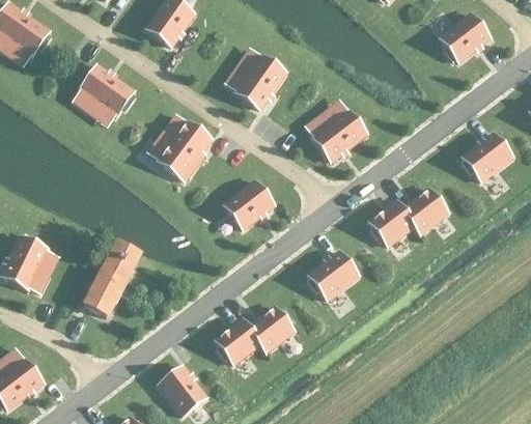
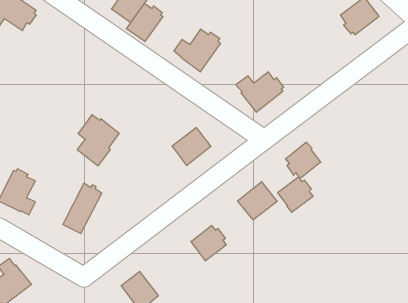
building: none -> [126,4,163,42]
building: [74,64,135,115] -> none
building: [158,115,212,180] -> [77,115,119,166]
building: [462,132,512,180] -> none
building: [402,188,448,233] -> [278,177,313,212]
building: [215,318,260,364] -> none

